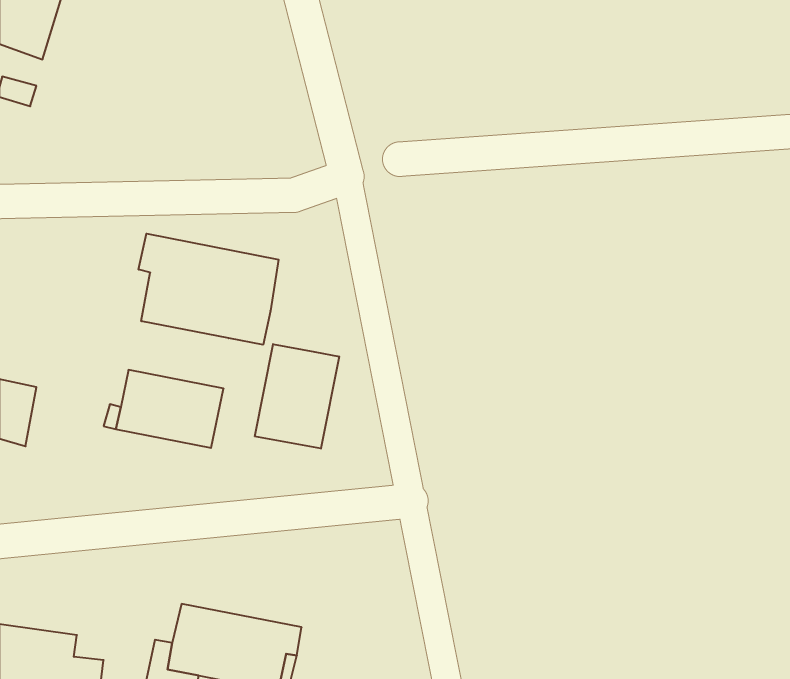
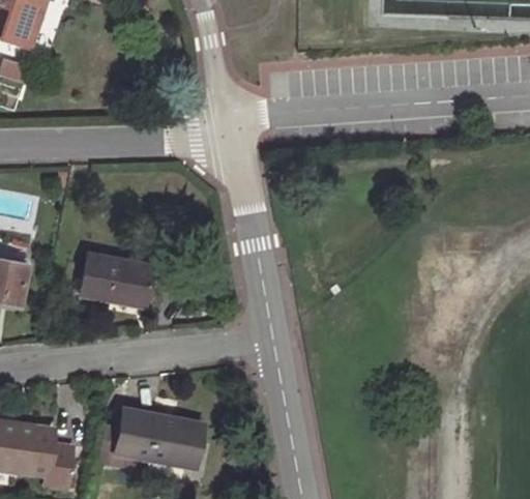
building: [139,234,279,345] -> none
building: [255,344,339,449] -> none

